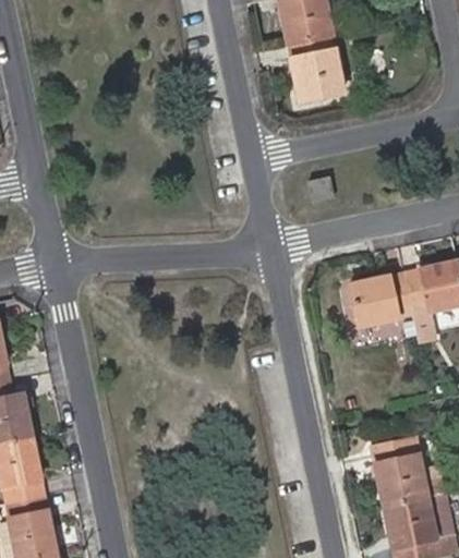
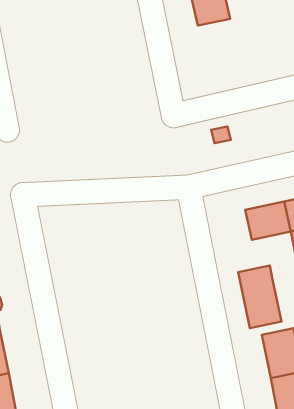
building: [289,35,342,100] -> none
building: none -> [238,265,282,328]

